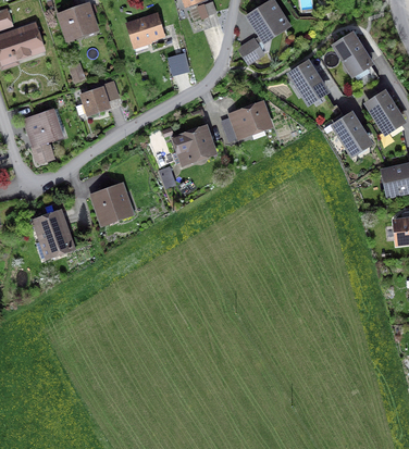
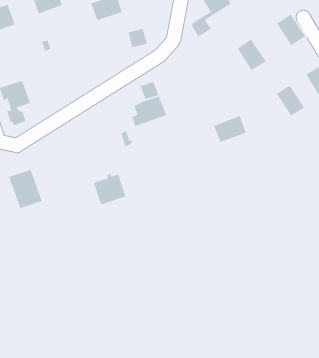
building: [76,89,108,114] -> none
building: [231,104,269,136] -> [213,115,247,143]
building: [92,185,131,222] -> [93,173,126,206]

